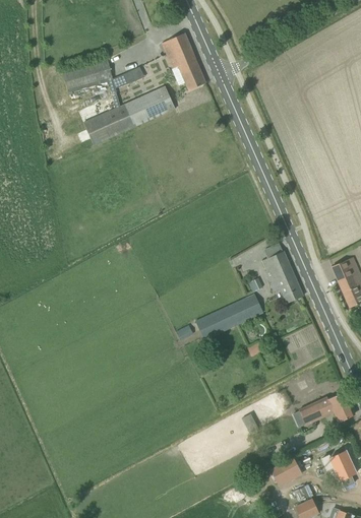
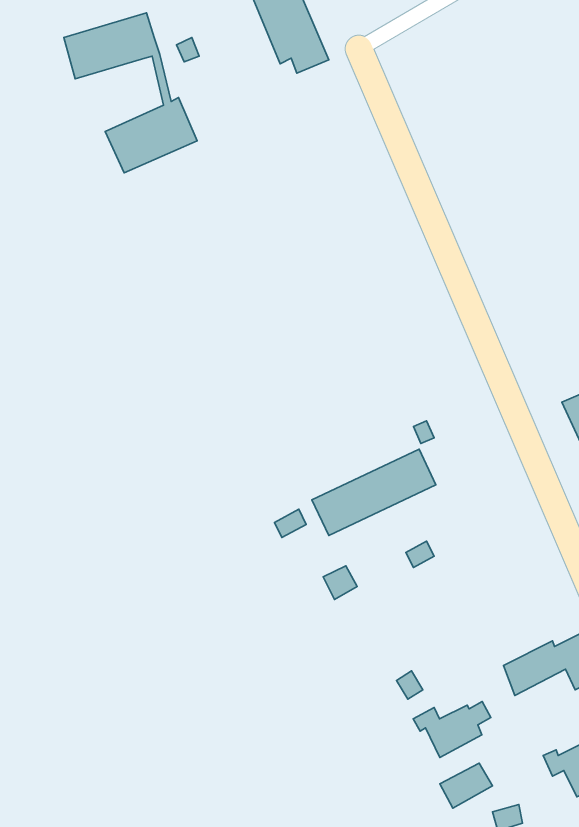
building: [124,85,175,126] -> none
building: [262,243,303,302] -> none
building: none -> [413,702,491,758]

